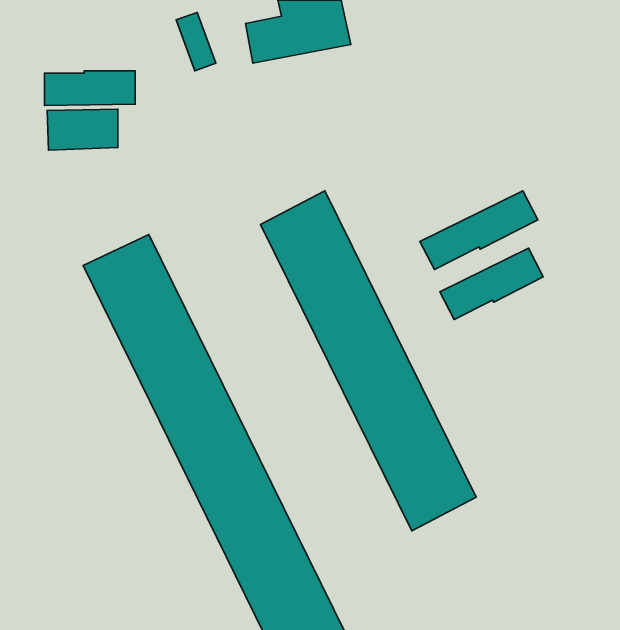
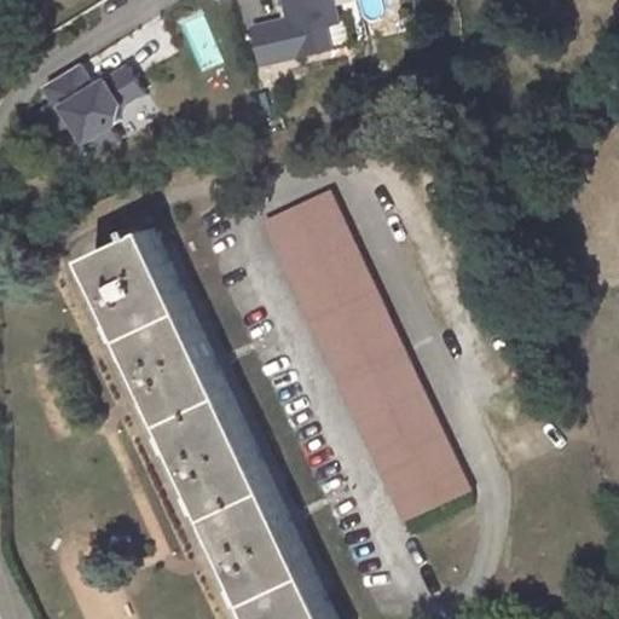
building: [420,191,538,270] -> none
building: [440,248,543,320] -> none

